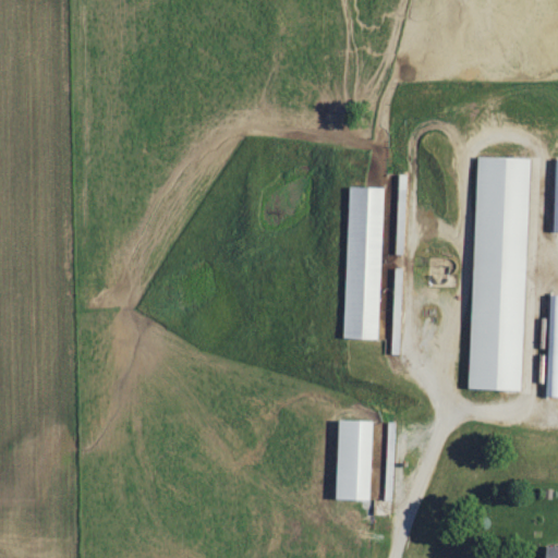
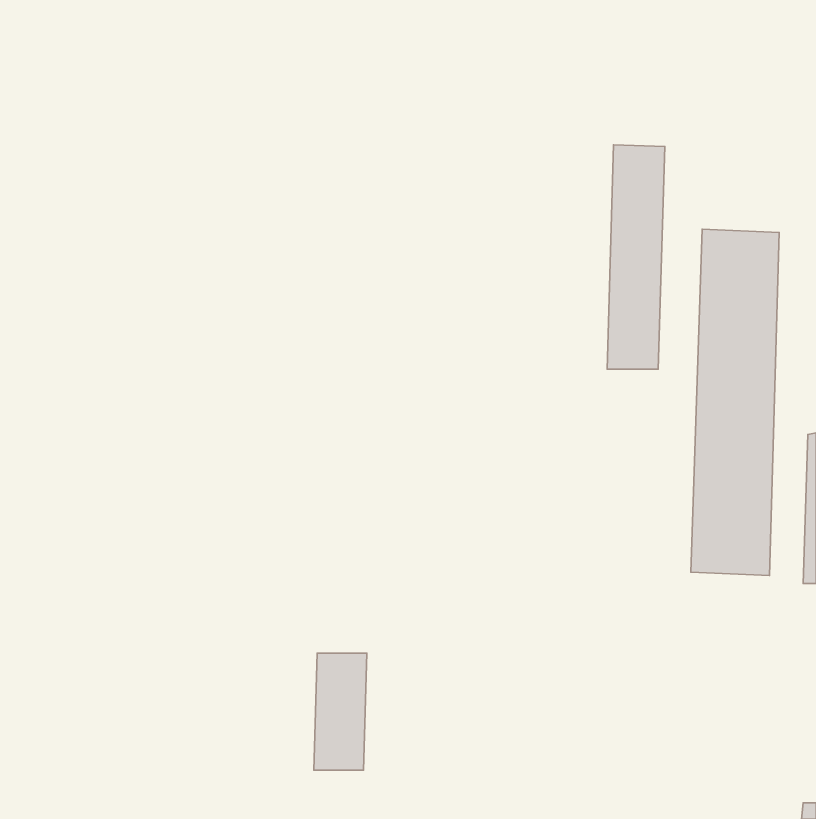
building: [344,186,384,339] -> [607,145,665,369]
building: [337,421,373,500] -> [314,653,367,770]

